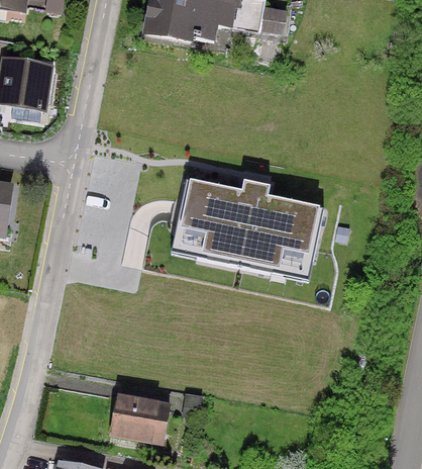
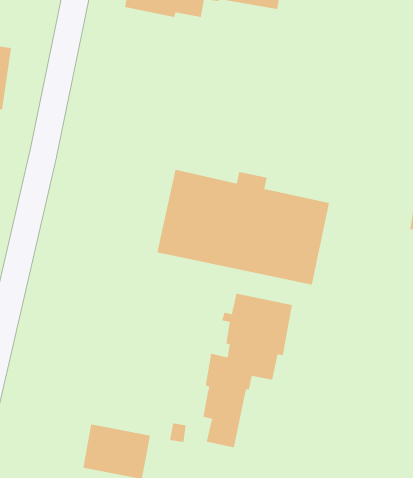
building: none -> [203,293,292,448]

